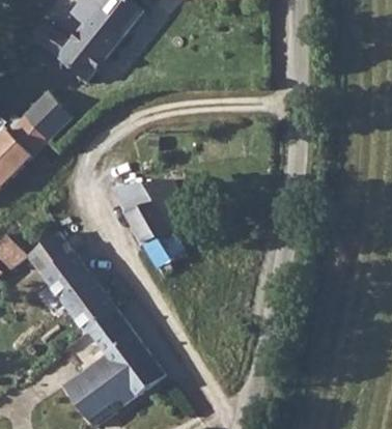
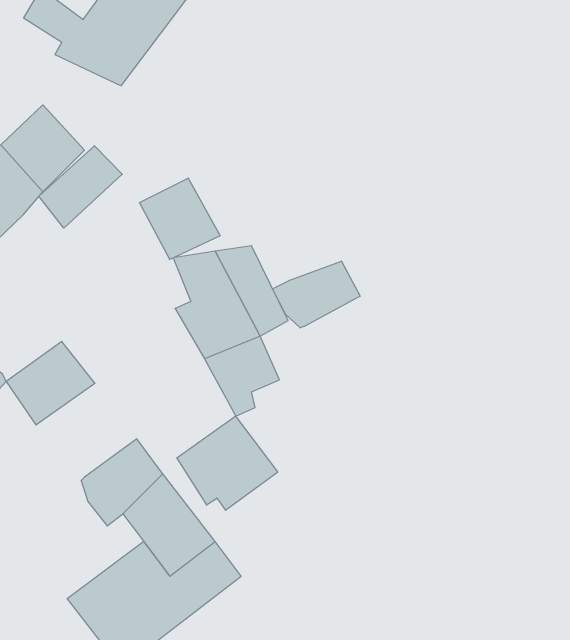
building: none -> [39,146,122,228]
building: none -> [139,178,220,260]
building: none -> [273,261,360,328]
building: [40,257,101,313] -> [177,416,278,510]

